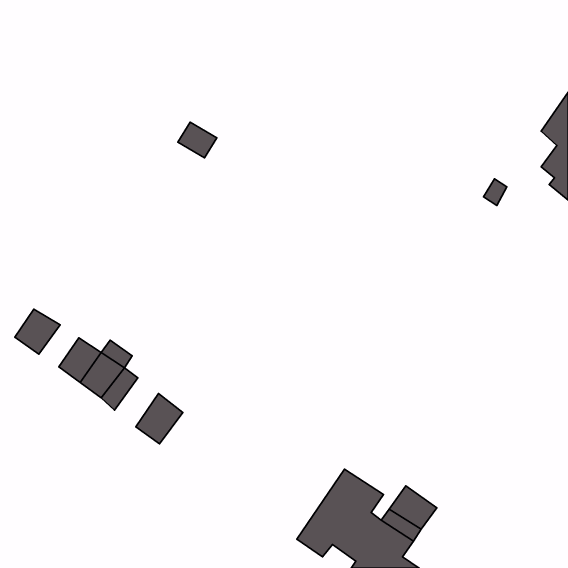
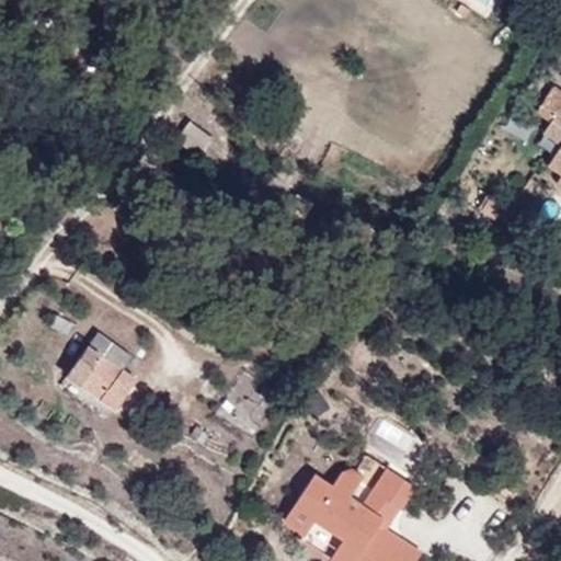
building: [15,309,60,354] -> none
building: [136,393,183,444] -> none

